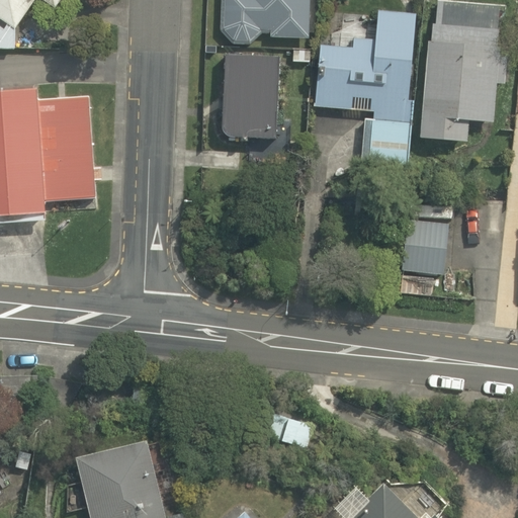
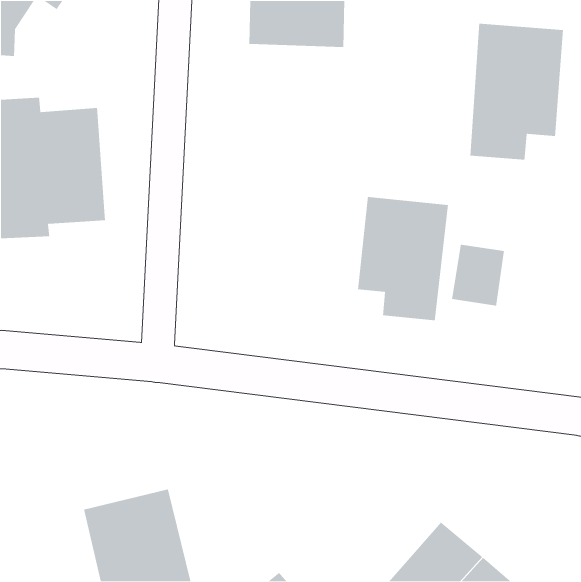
building: [313,9,411,165] -> none
building: [222,55,283,139] -> none
building: none -> [357,196,449,321]

